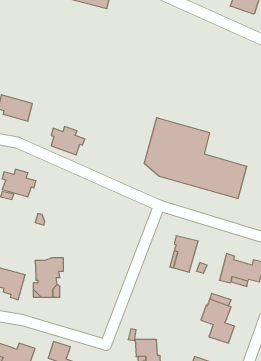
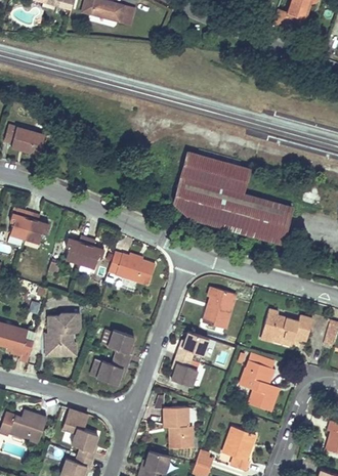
building: [51,126,85,155] -> [66,235,104,268]
building: none -> [108,253,155,285]
building: none -> [96,329,134,385]
building: none -> [171,331,208,386]

